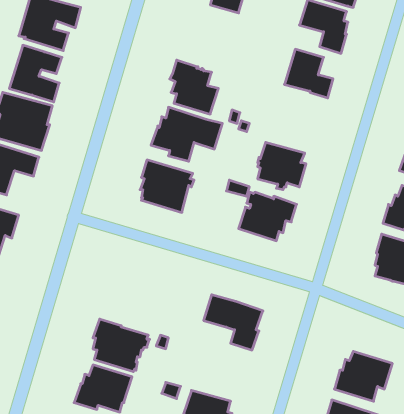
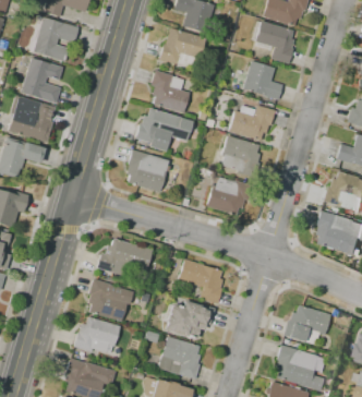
building: none -> [158,27,204,68]
building: none -> [228,105,274,141]
building: none -> [96,239,150,276]
building: none -> [164,300,214,339]

